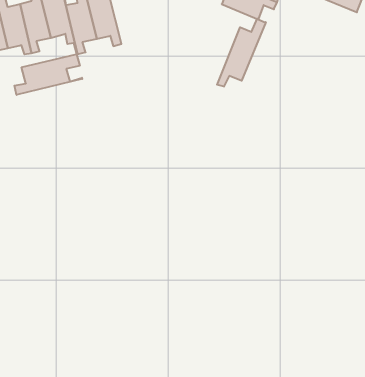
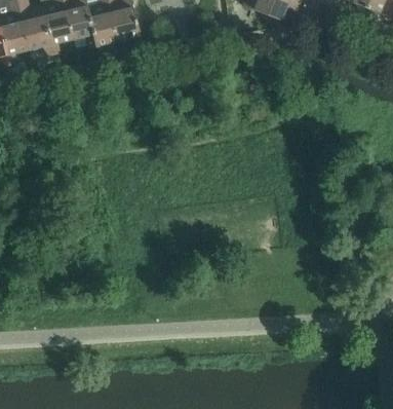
building: [217,19,266,87] -> none
building: [14,54,82,95] -> none

